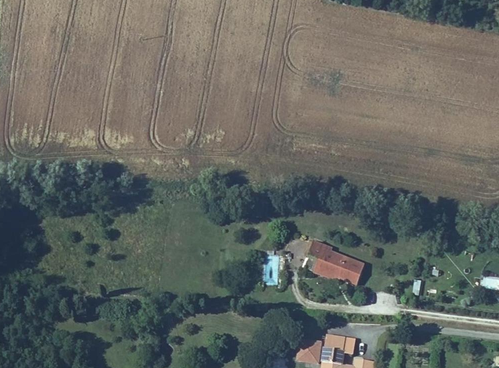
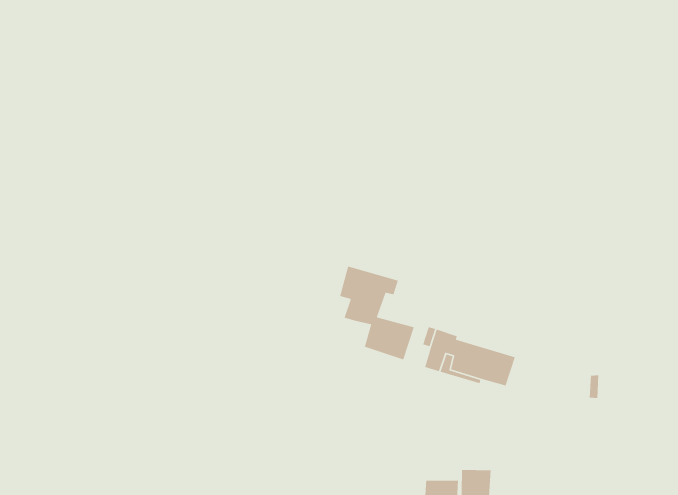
building: none -> [339,265,415,361]

